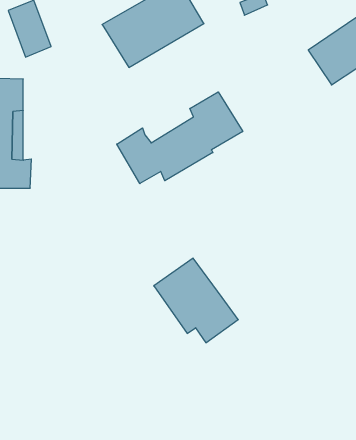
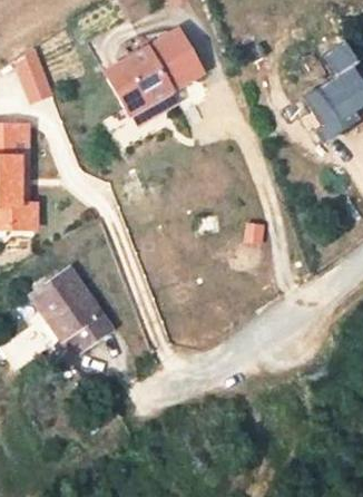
building: [117,92,243,184] -> none
building: [154,258,238,343] -> [30,267,111,349]

